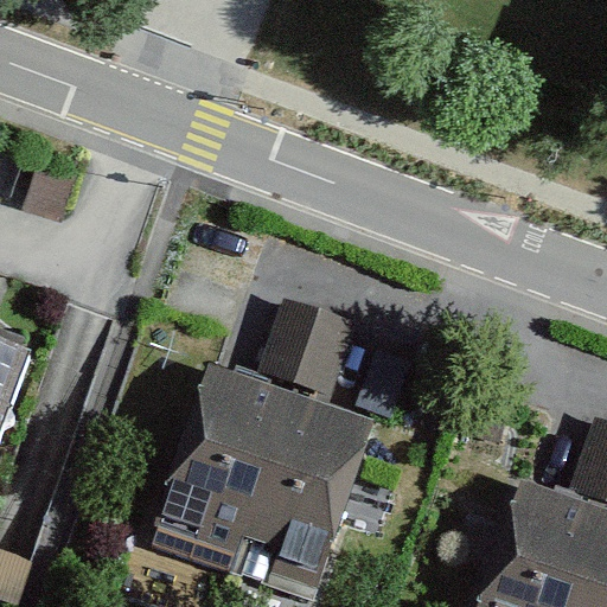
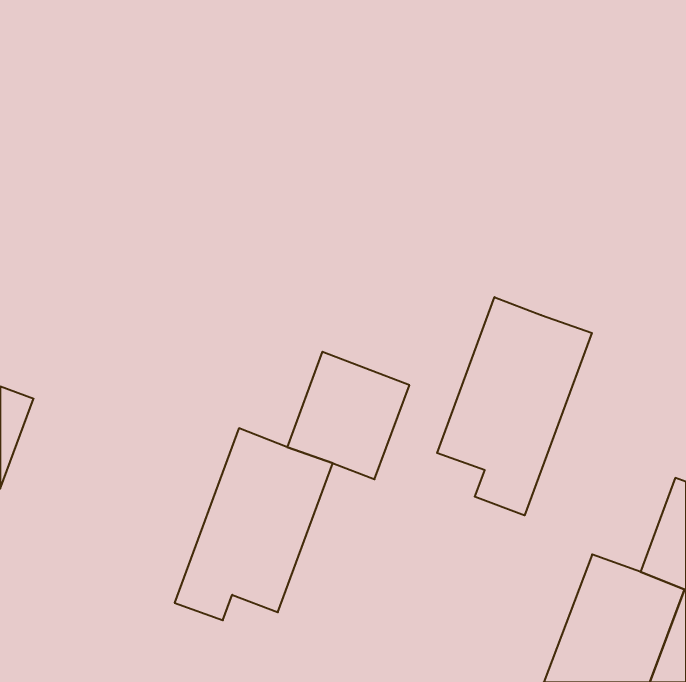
building: none -> [437,297,592,515]
building: [245,409,376,589] -> none

